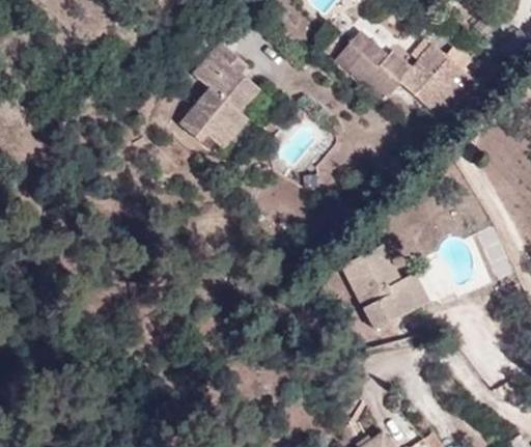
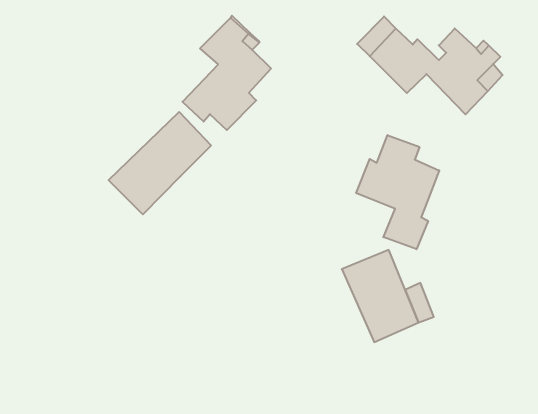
building: none -> [109,112,211,214]
building: none -> [356,135,439,249]

